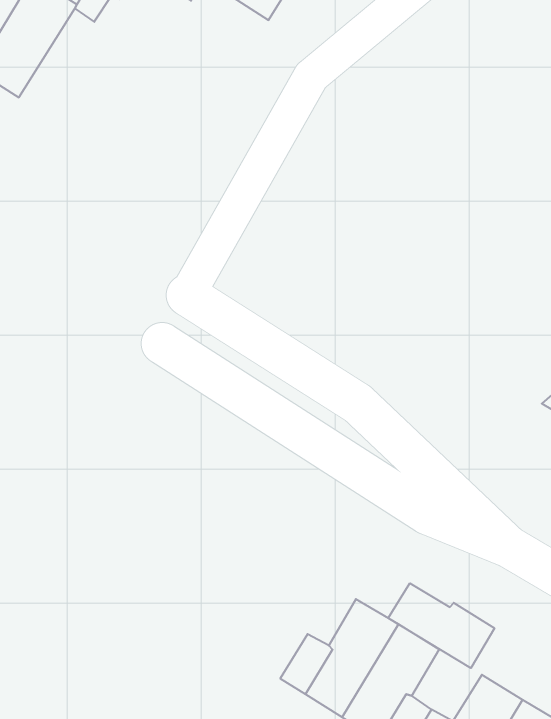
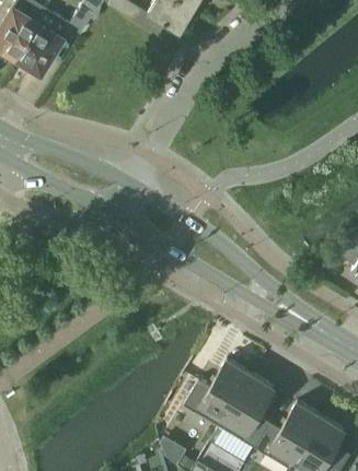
building: [388,583,494,668] -> none

